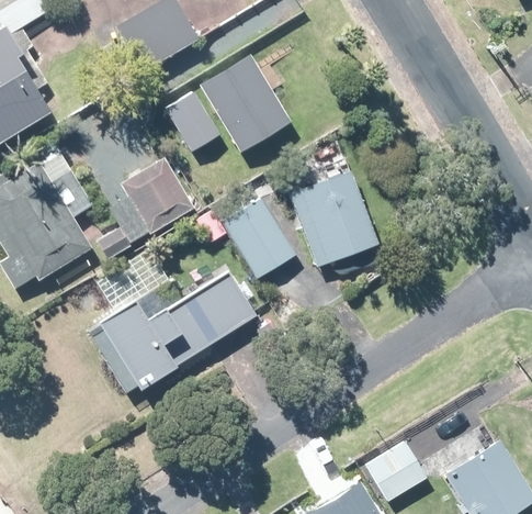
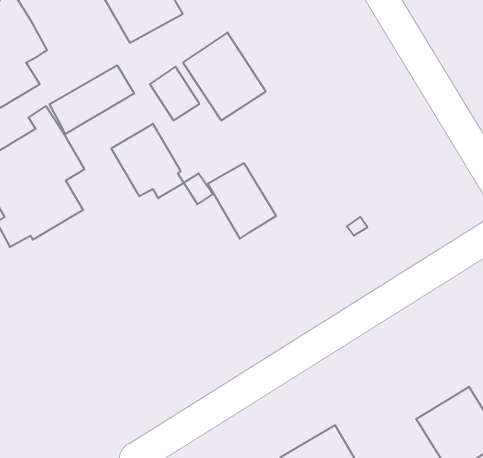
building: none -> [50,65,134,134]
building: [288,156,377,267] -> none
building: [94,272,257,393] -> none
building: [367,438,427,496] -> none

